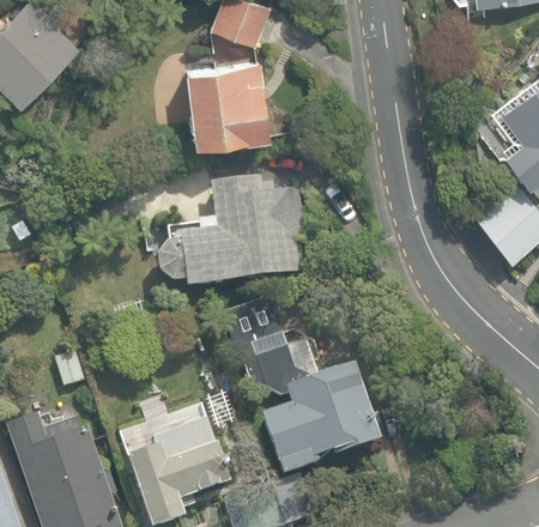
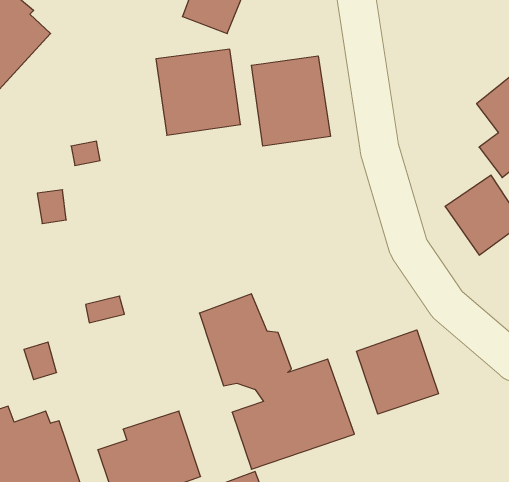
building: none -> [251,56,330,146]
building: [156,174,303,286] -> none
building: none -> [357,330,439,414]

